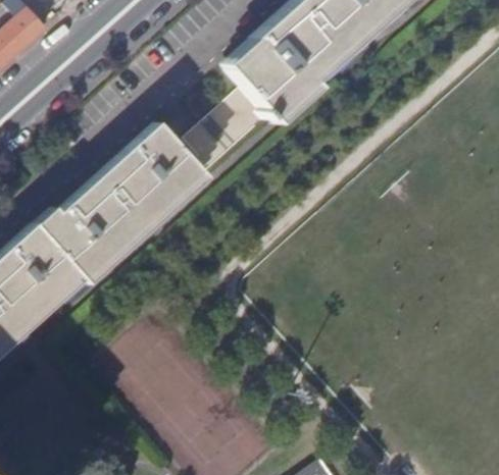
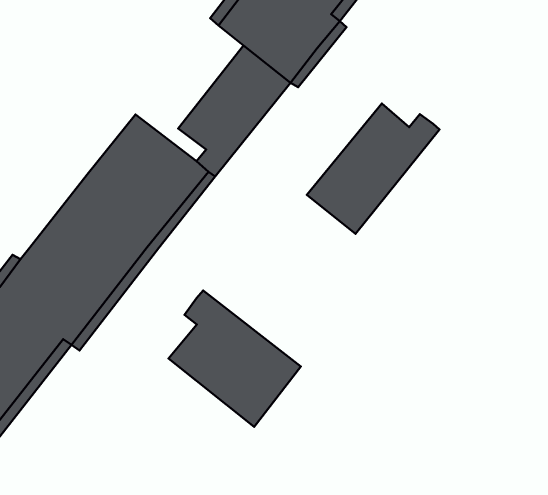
building: none -> [307,104,439,234]
building: none -> [169,291,301,427]

